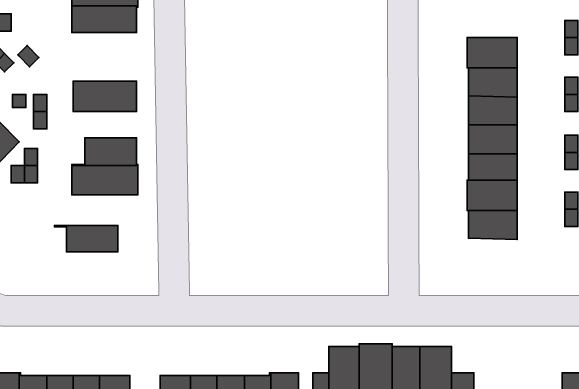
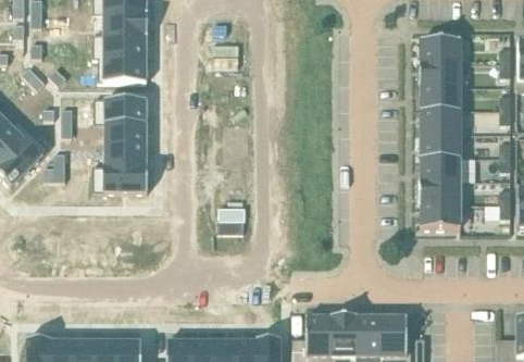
building: none -> [421,38,461,62]
building: none -> [93,58,147,83]
building: [55,225,118,252] -> [95,123,147,145]

